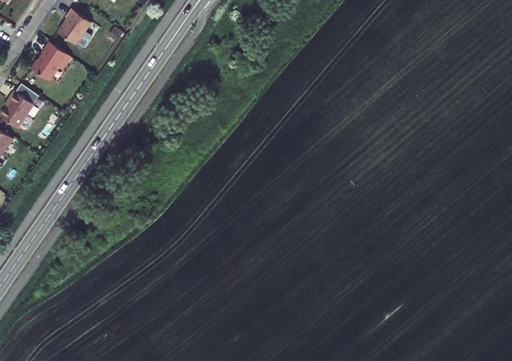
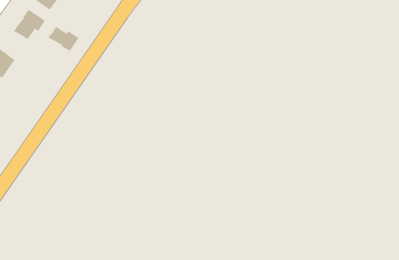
building: none -> [47,26,79,52]

